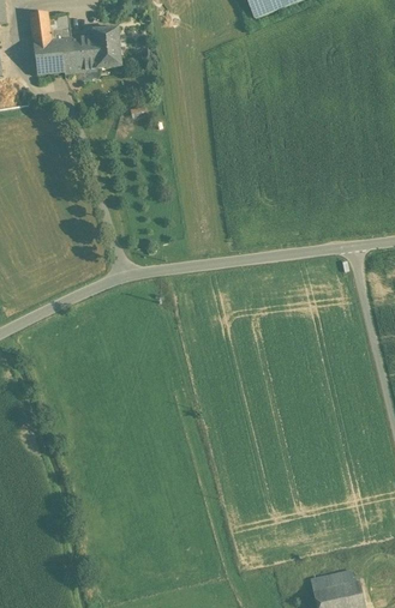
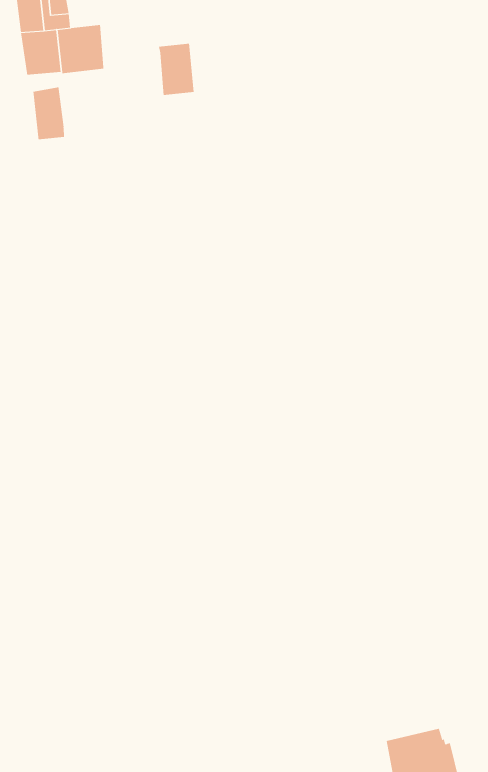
building: [92,29,120,68] -> [158,43,194,95]
building: none -> [33,87,65,140]

